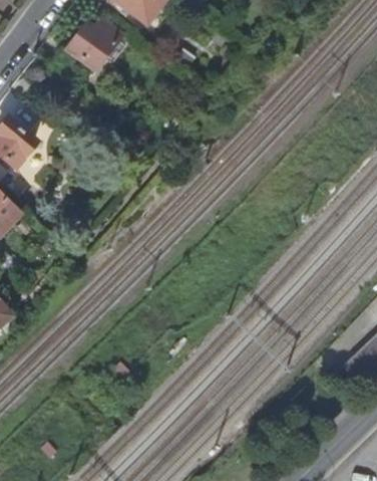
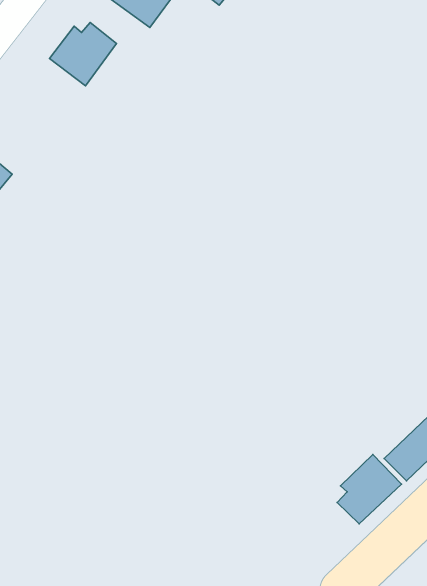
building: none -> [337,454,401,524]

